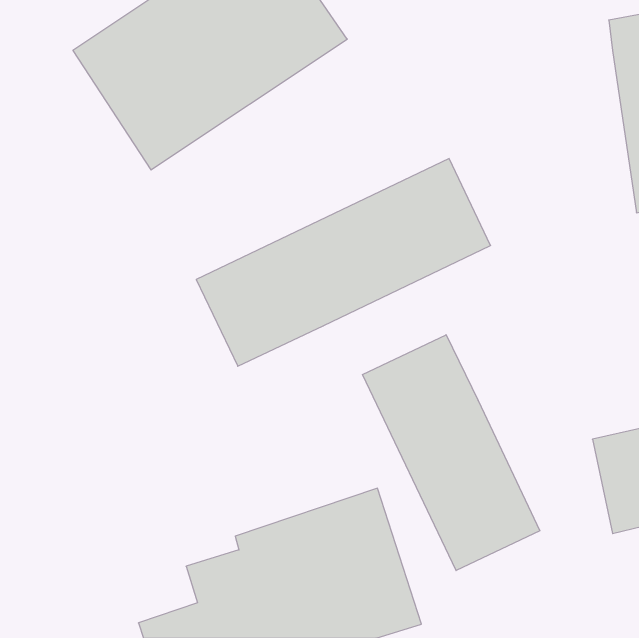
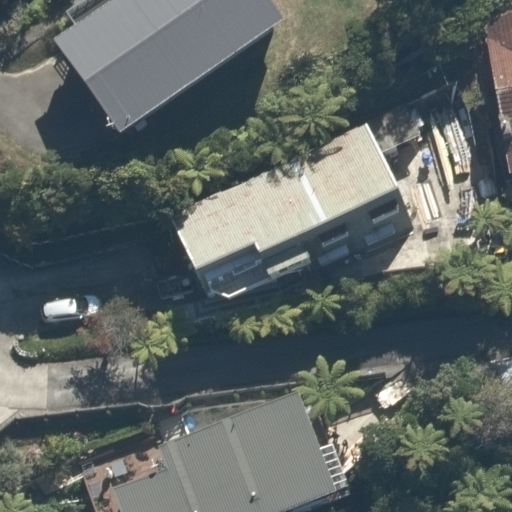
building: [362,335,540,571] -> none

